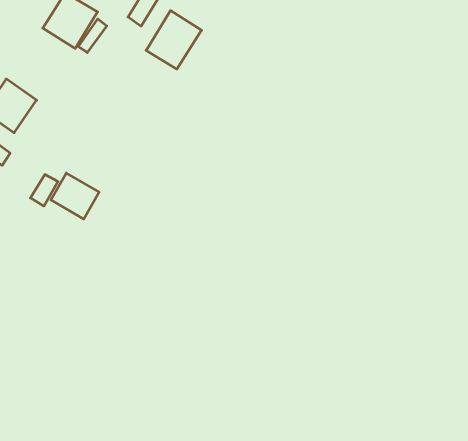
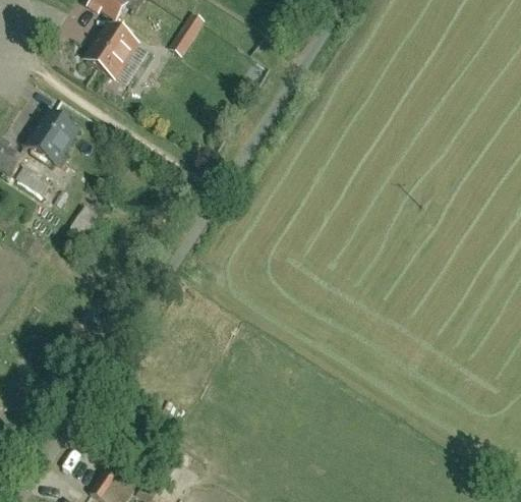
building: [146,11,202,69] -> none
building: [51,173,99,219] -> none

